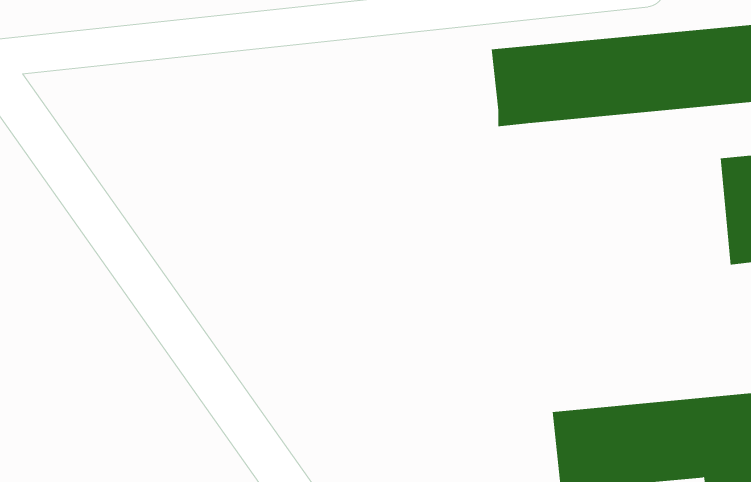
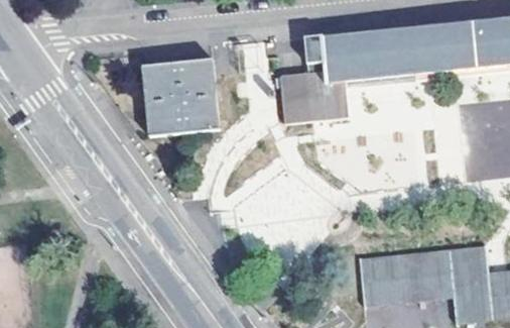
building: none -> [143,60,219,136]
building: none -> [280,73,348,121]

